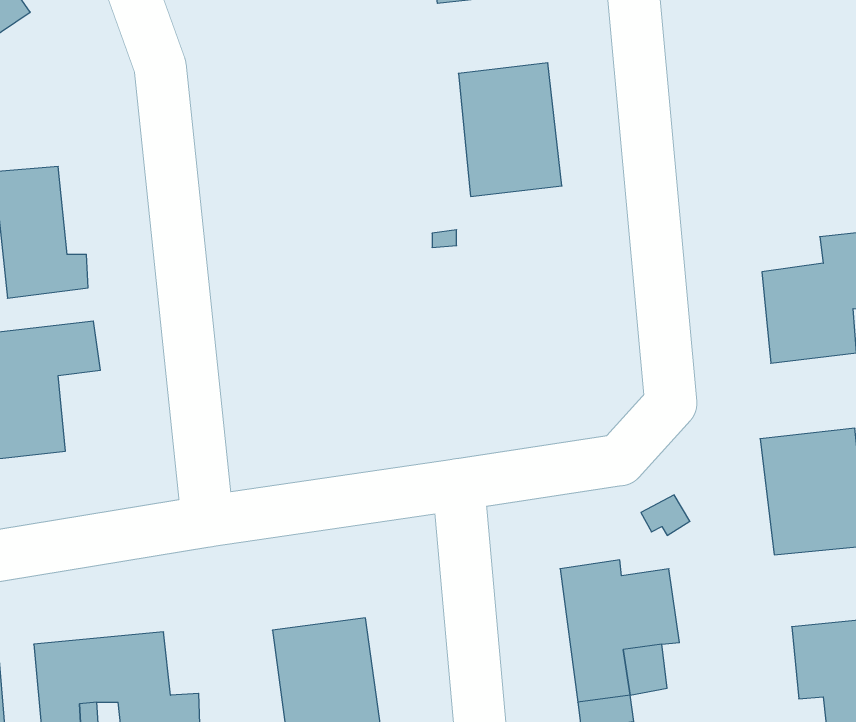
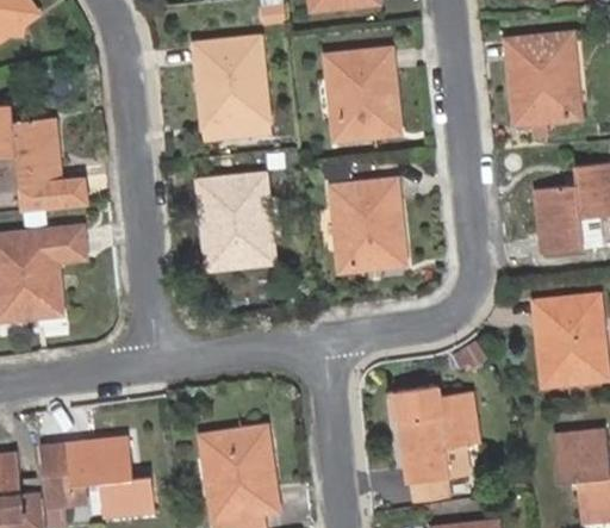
building: none -> [508,36,580,126]
building: none -> [197,38,269,139]
building: none -> [200,175,274,266]
building: none -> [332,181,405,271]

